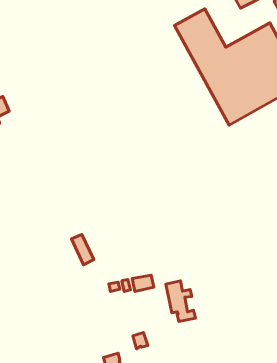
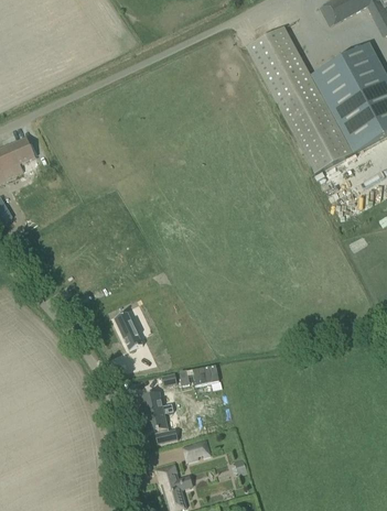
building: [166,281,195,322] -> [142,391,180,443]

